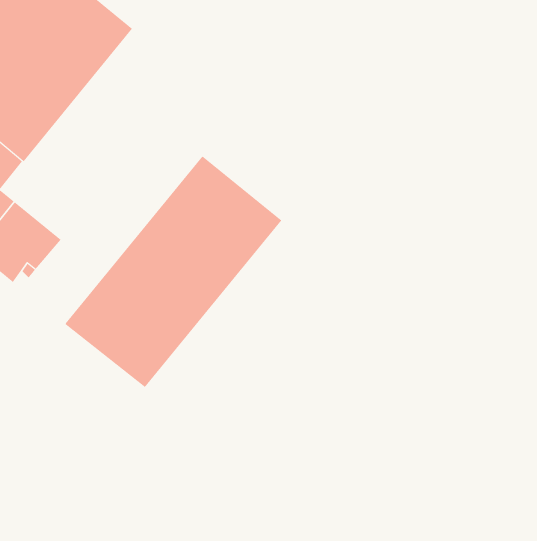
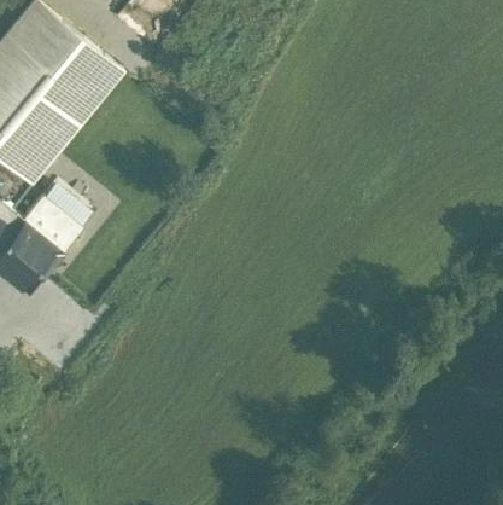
building: [65,155,282,388] -> none
building: none -> [28,190,86,245]

